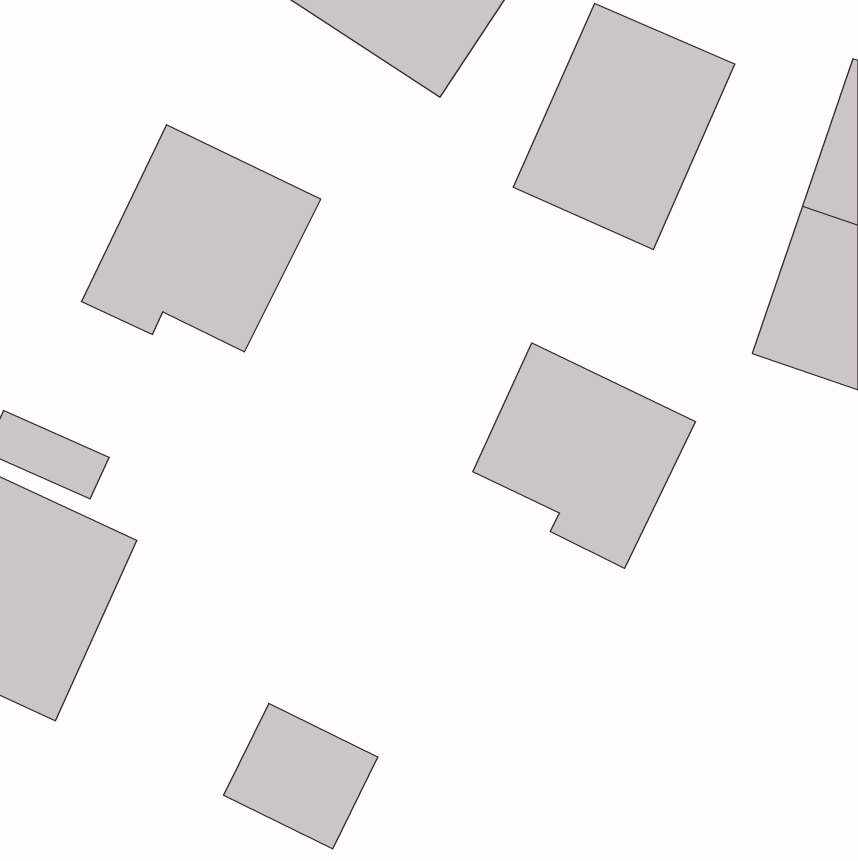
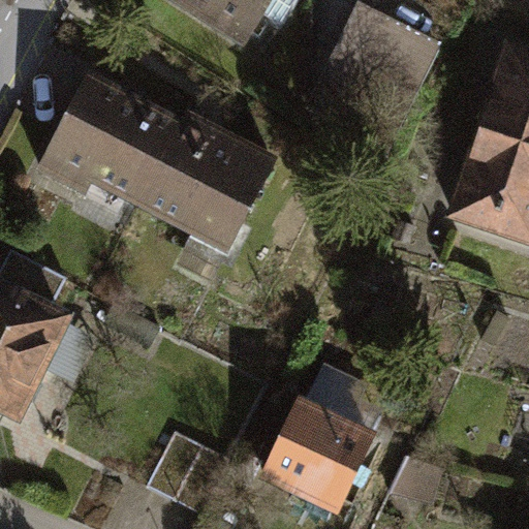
building: none -> [146,119,287,254]
building: [473,343,696,568] -> none
building: none -> [252,391,355,503]

